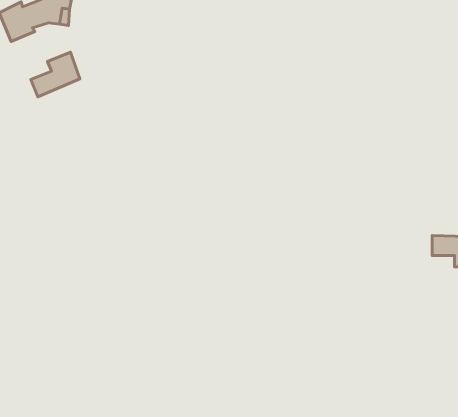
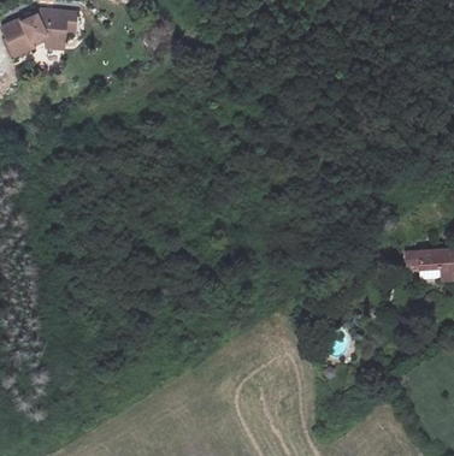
building: [31,52,80,97] -> none

